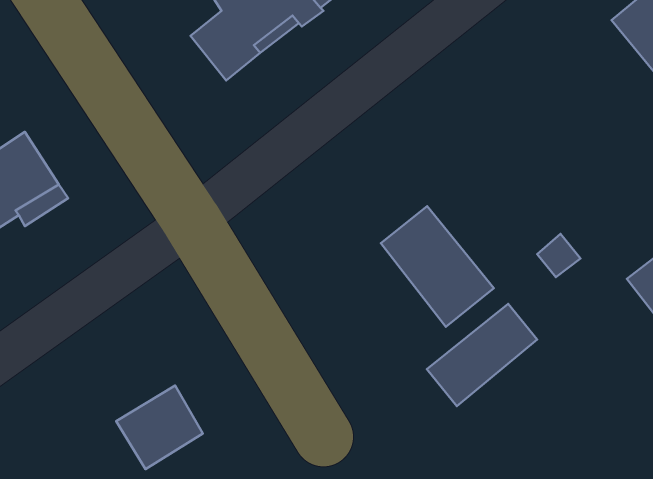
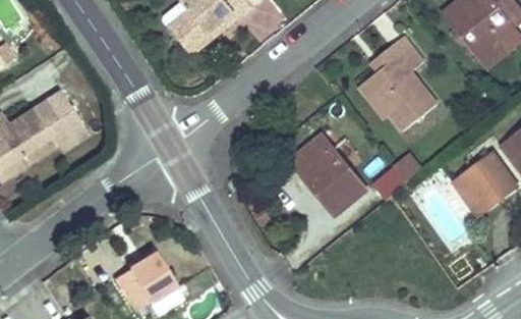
building: none -> [356,35,437,129]
building: [427,304,537,406] -> none

